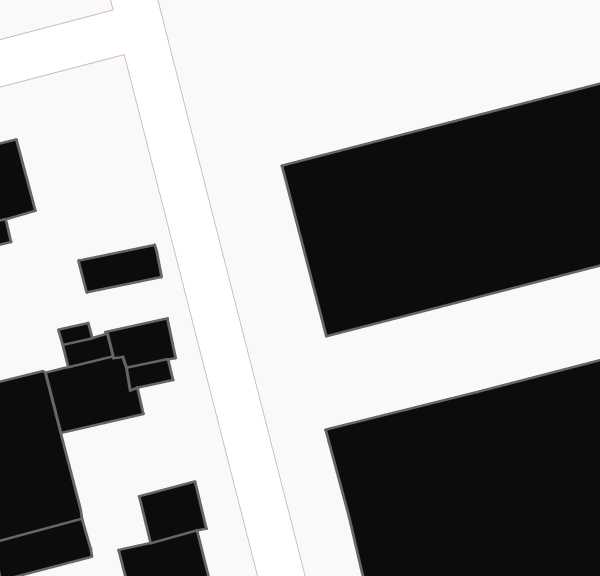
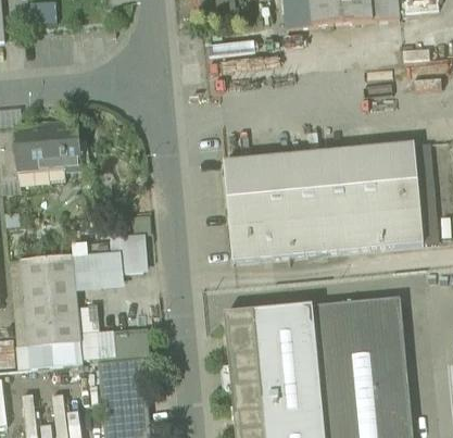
building: [79,245,161,293] -> none
building: none -> [80,334,116,363]

